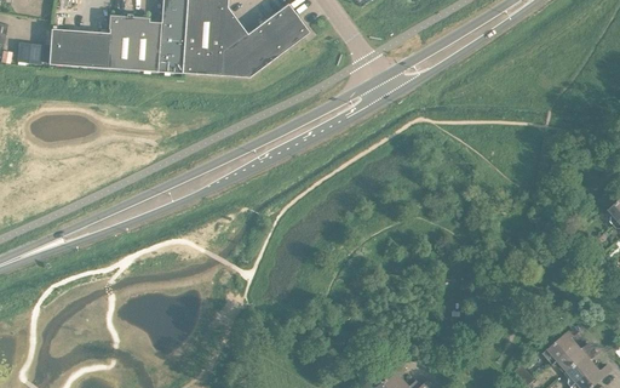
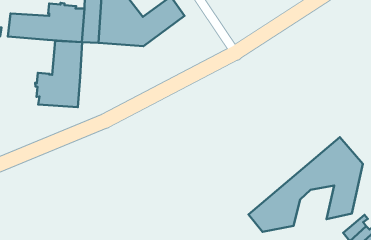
building: none -> [35,41,82,107]
building: none -> [248,137,363,232]

